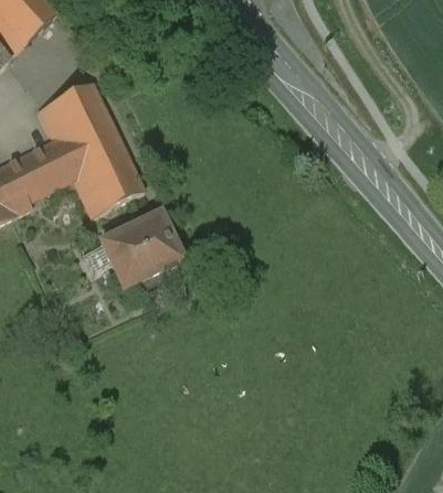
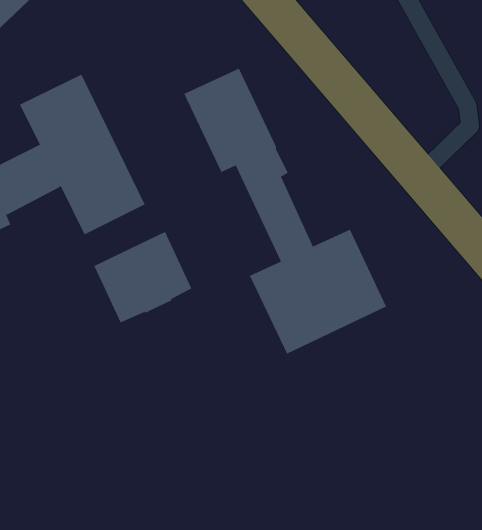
building: none -> [183,68,387,355]

